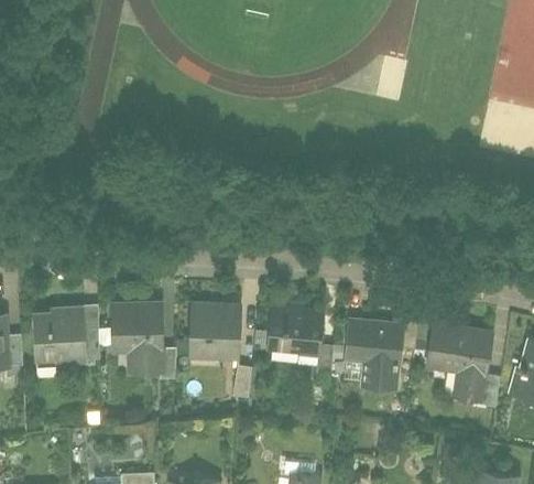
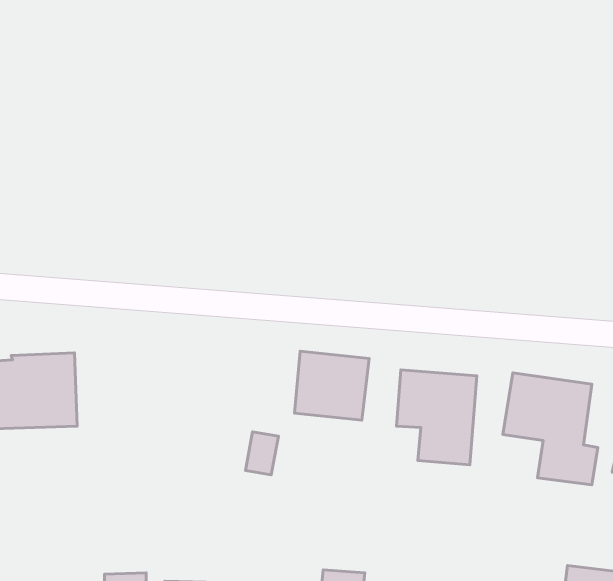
building: [111,300,175,381] -> none
building: [187,302,241,362] -> none

